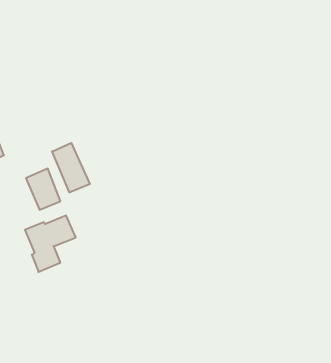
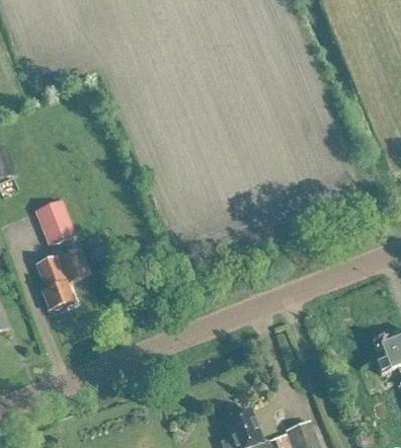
building: [52,143,90,192] -> none

